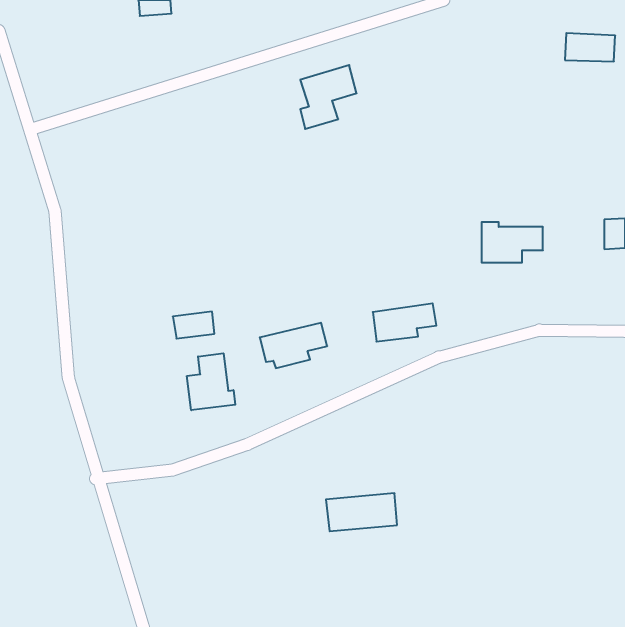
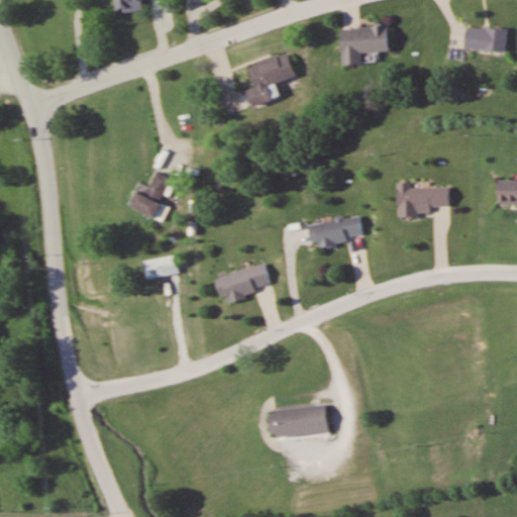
building: none -> [341,25,389,66]
building: none -> [130,172,171,221]
building: [373,303,436,342] -> [309,217,361,248]
building: [187,353,235,410] -> none

